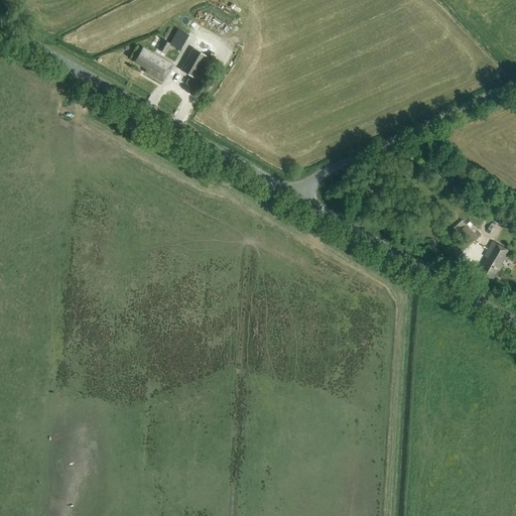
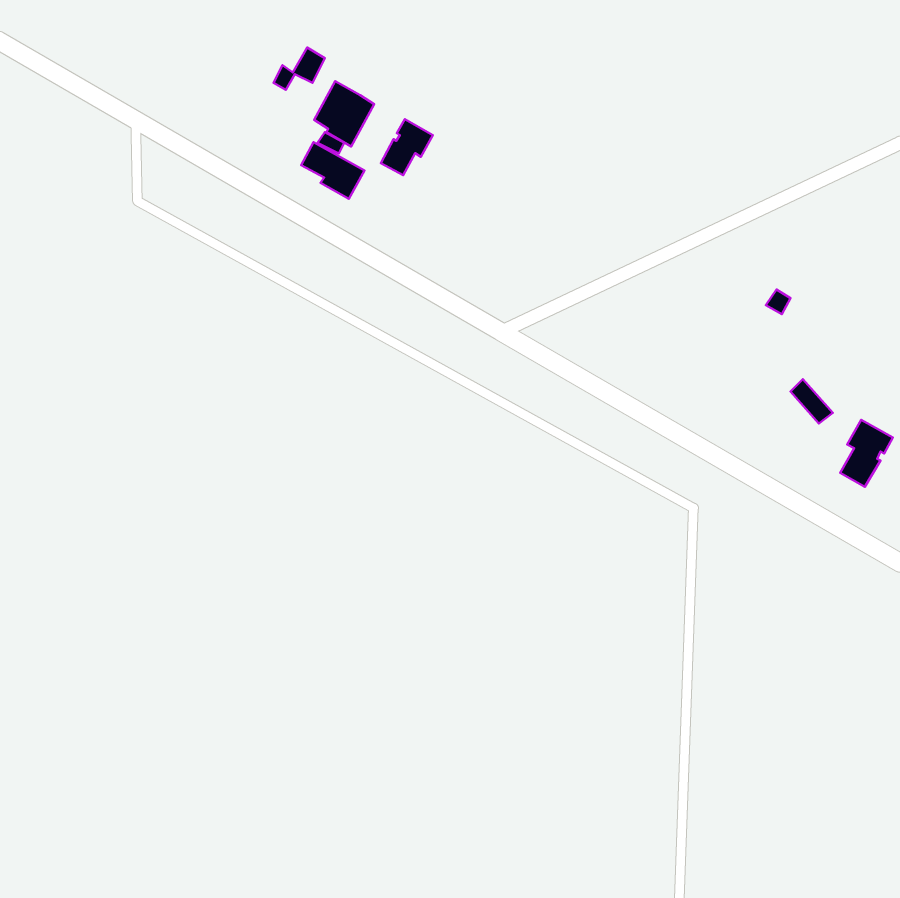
building: [134,47,170,80] -> [301,142,365,199]
building: none -> [381,119,433,175]

